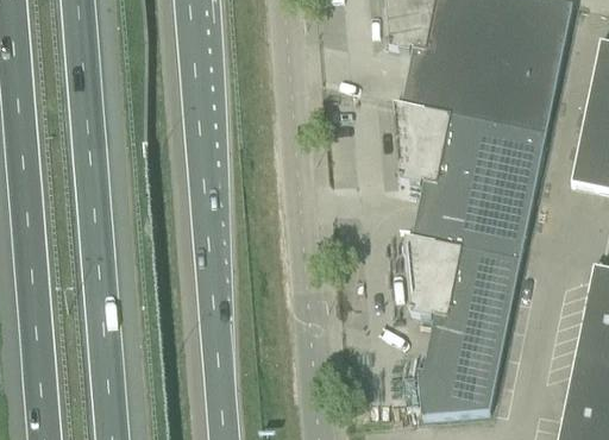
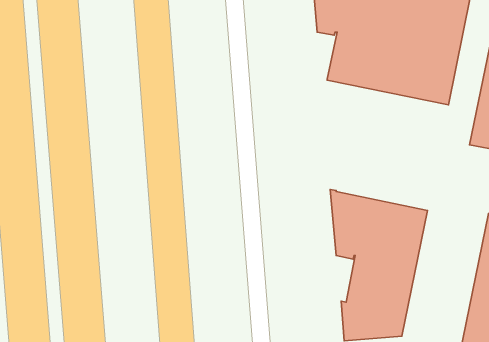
building: [394,101,546,259] -> none

